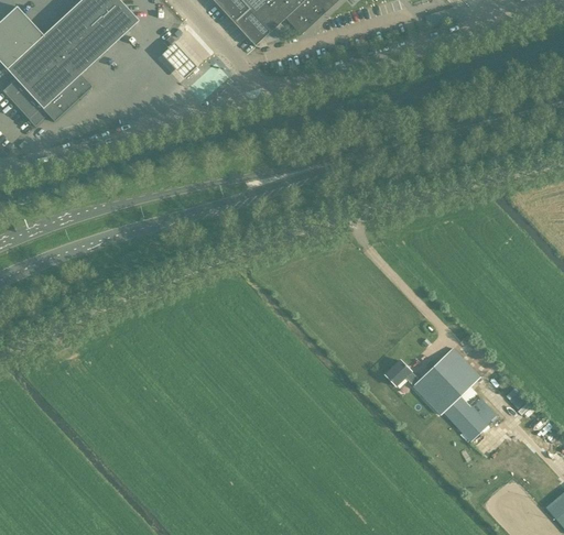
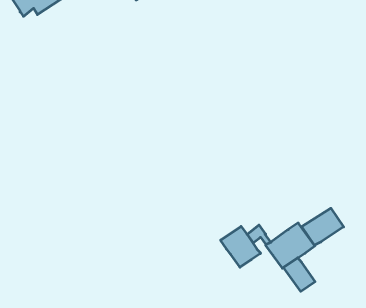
building: none -> [302,208,344,245]
building: none -> [221,226,260,267]

